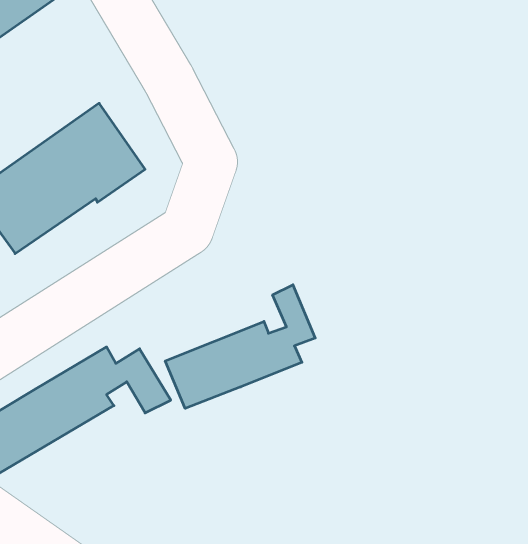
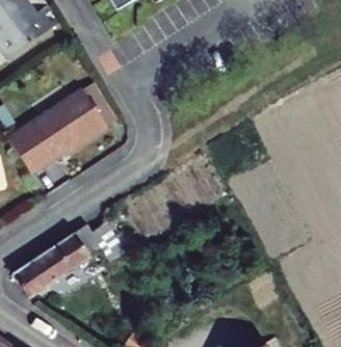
building: [165,285,315,408] -> none

